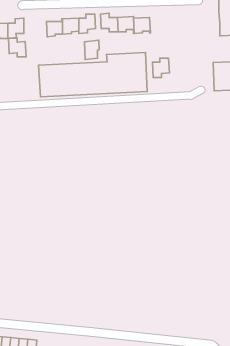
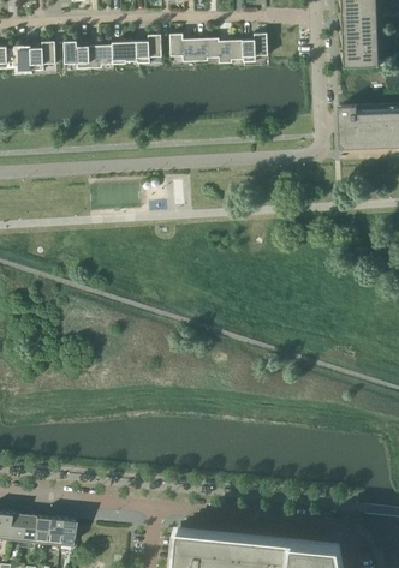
building: [8,38,26,57] -> [64,41,90,68]
building: [84,40,99,59] -> none
building: [39,52,147,97] -> none
building: [152,58,169,78] -> [243,34,268,62]

